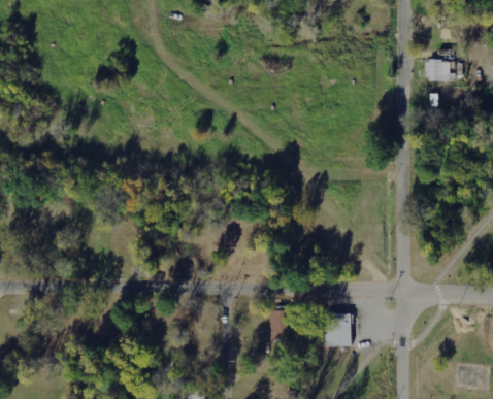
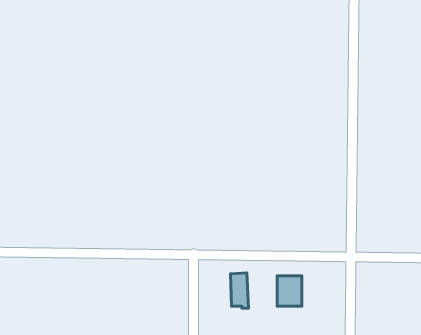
building: [426,60,456,81] -> none

